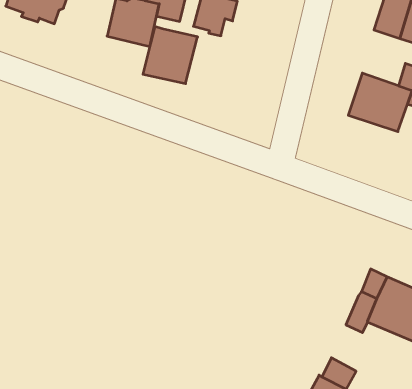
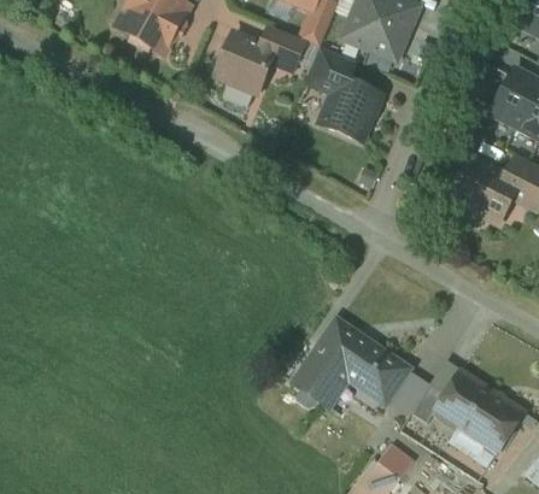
building: [143,27,198,84] -> [318,76,381,140]
building: none -> [293,320,405,402]
building: none -> [388,371,428,417]

